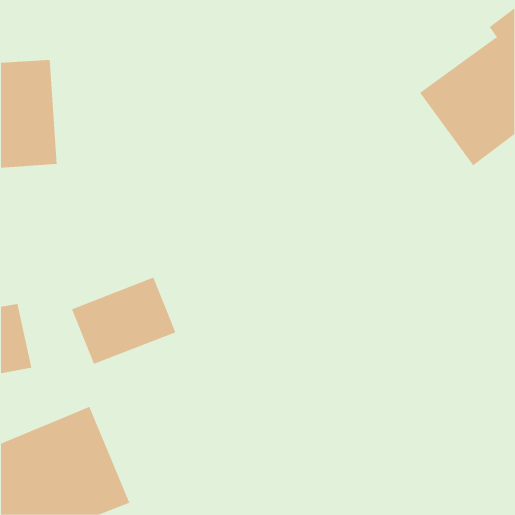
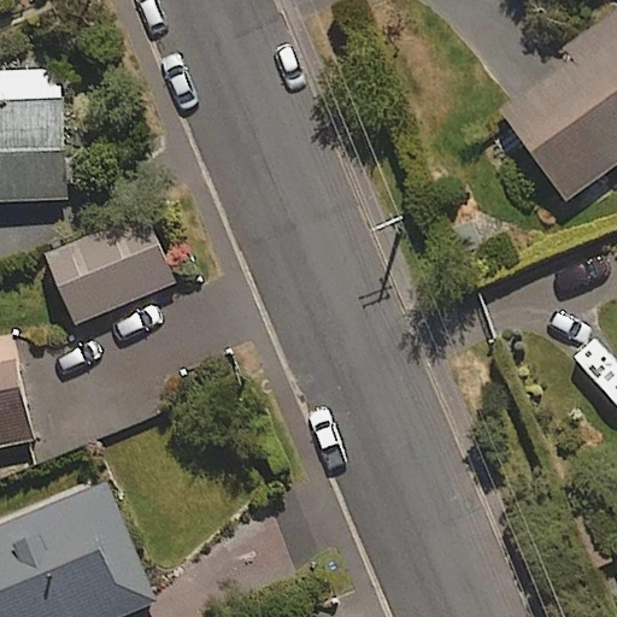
building: [71,277,176,365] -> [47,218,172,323]

